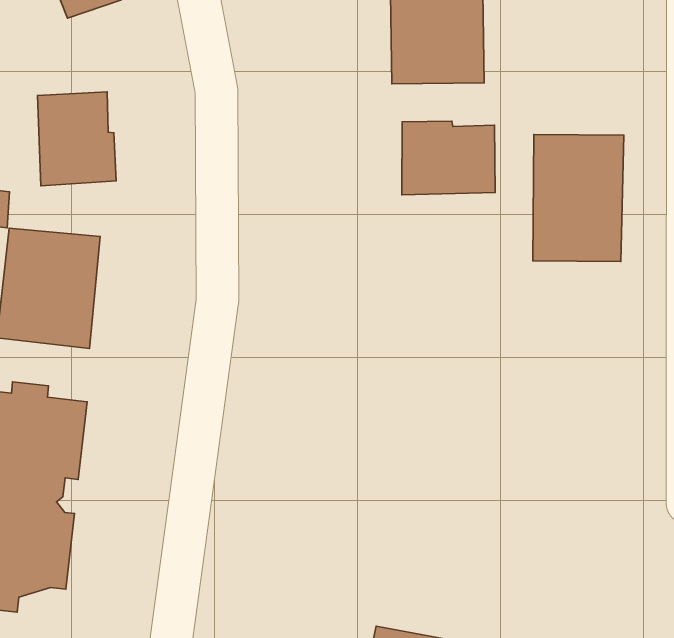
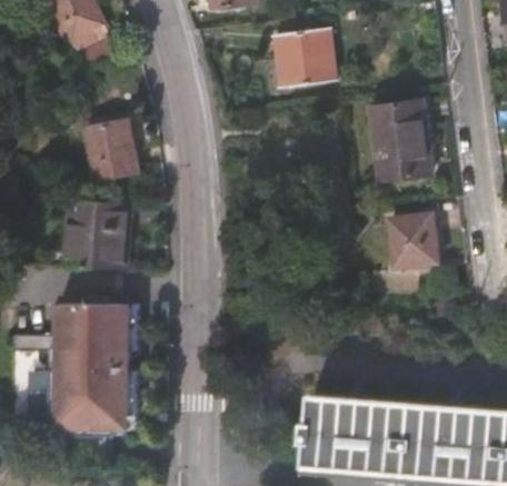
building: [402,121,495,195] -> none
building: none -> [388,211,435,264]

